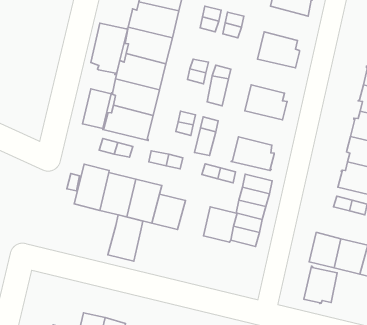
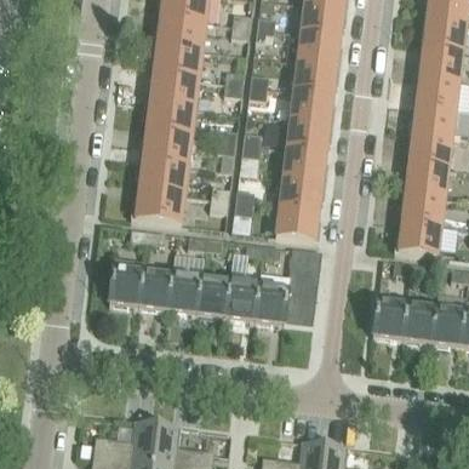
building: none -> [294,61,341,95]
building: [91,23,128,74] -> none
building: none -> [287,120,333,154]
building: [83,89,111,129] -> none
building: none -> [280,178,326,212]
building: [108,215,143,261] -> [225,271,259,320]
building: [304,266,337,304] -> none

